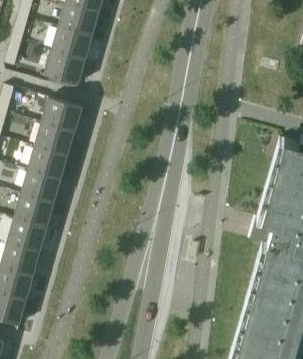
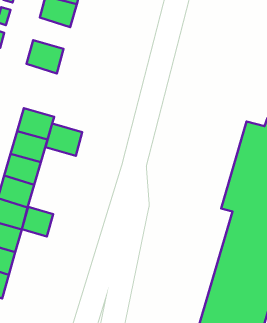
building: [51,29,91,62] -> none
building: [41,101,81,135] -> [45,124,82,156]
building: none -> [22,207,53,236]

